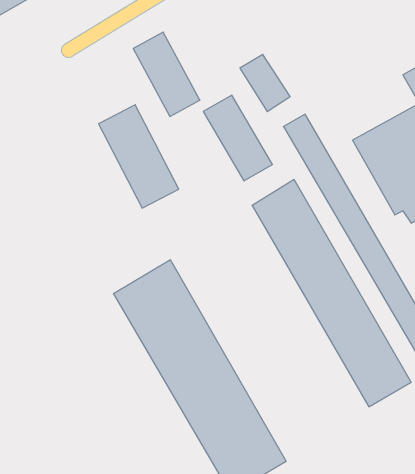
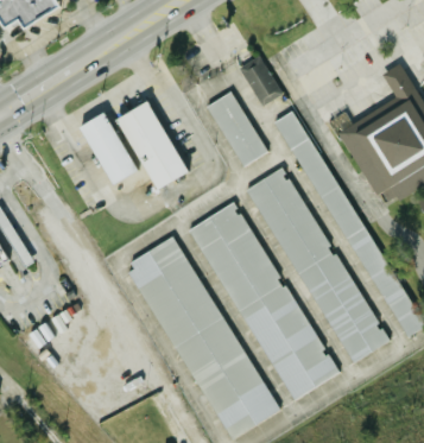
building: [133,32,200,116] -> [77,112,135,185]
building: none -> [192,200,337,401]

